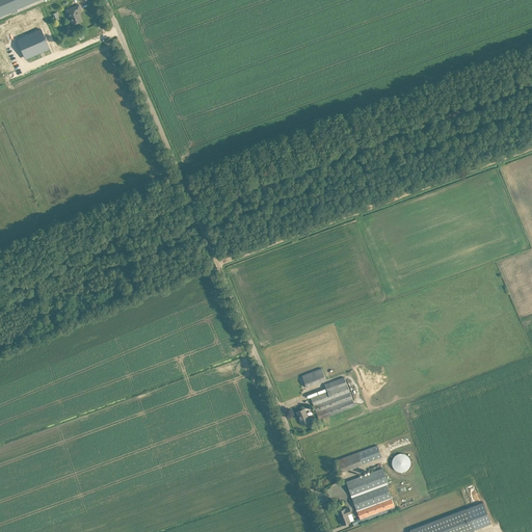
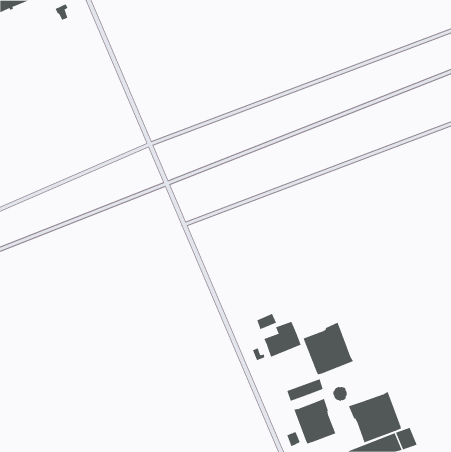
building: [17,29,48,57] -> none
building: none -> [303,322,354,375]
building: none -> [348,391,401,443]

